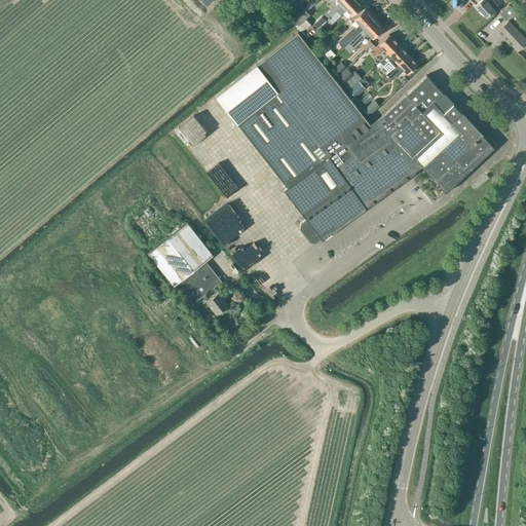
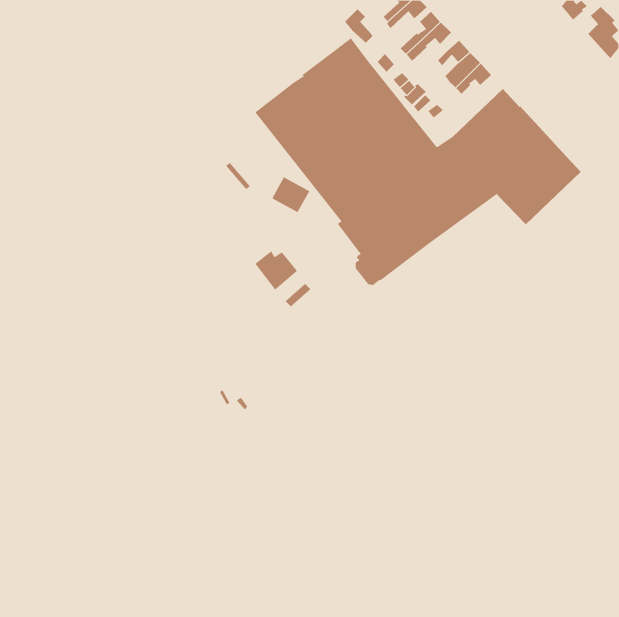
building: [148,223,229,314] -> none

